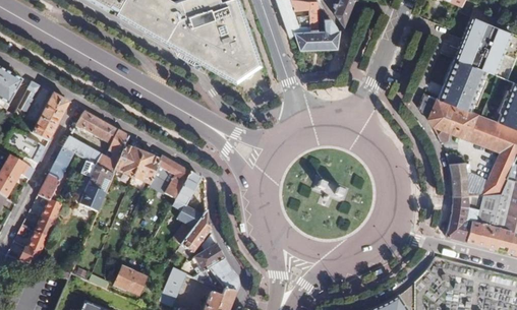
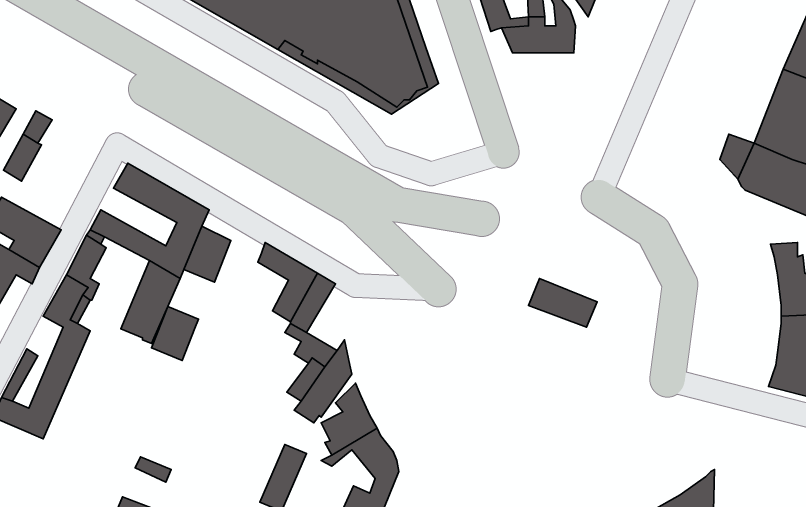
building: [33,92,70,140] -> none
building: [133,153,160,184] -> [152,306,199,361]
building: [114,267,145,295] -> none

